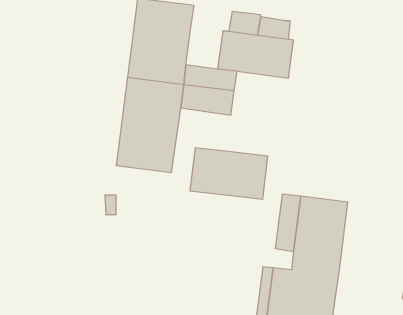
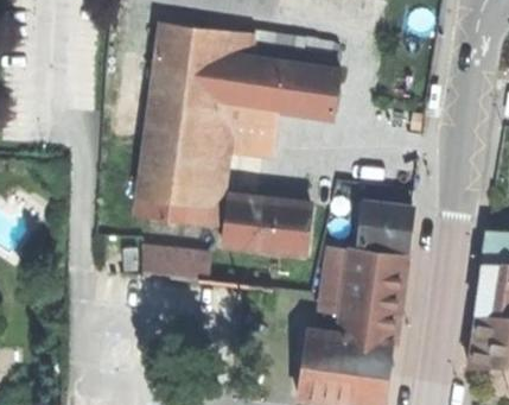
building: none -> [217,55,260,103]
building: none -> [361,201,412,251]
building: none -> [139,242,211,276]

